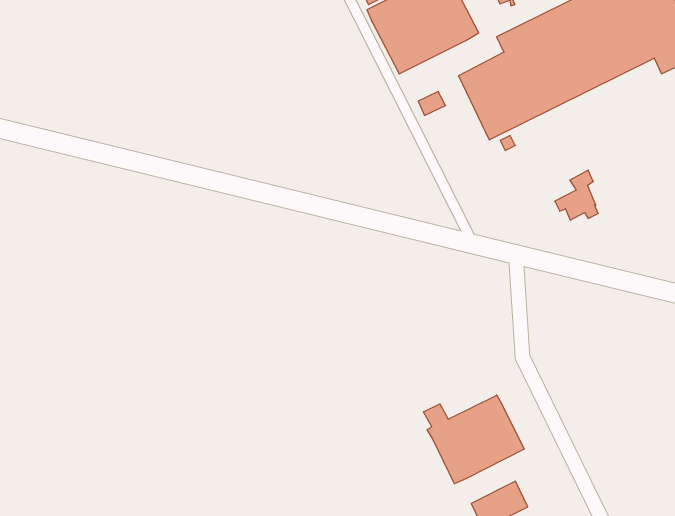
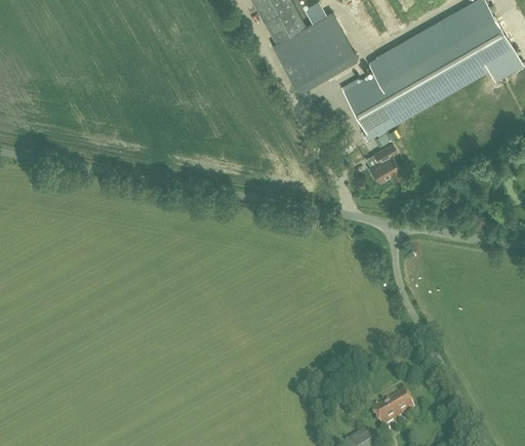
building: [555,170,598,220] -> [368,144,401,181]
building: [423,395,524,484] -> none

